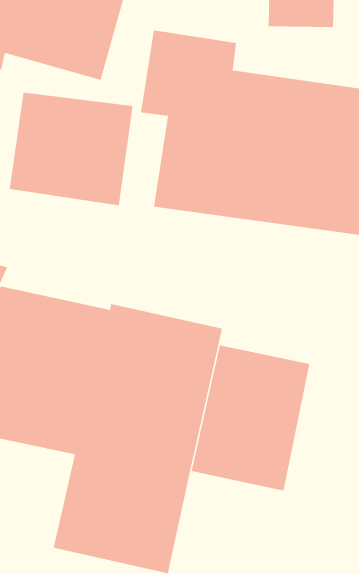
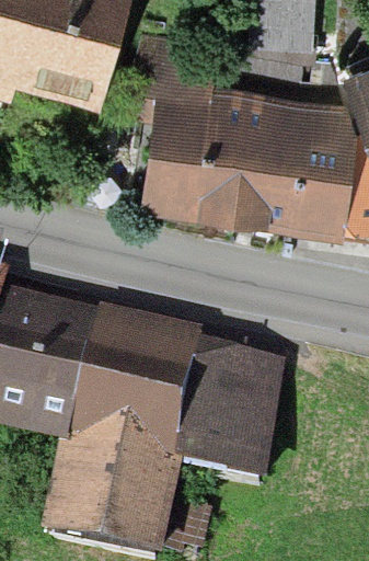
building: [9,92,133,206] -> none

